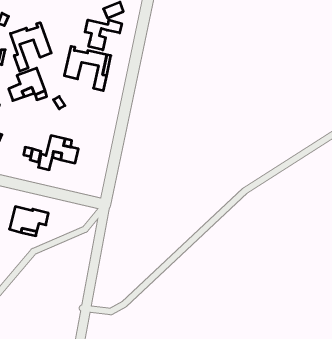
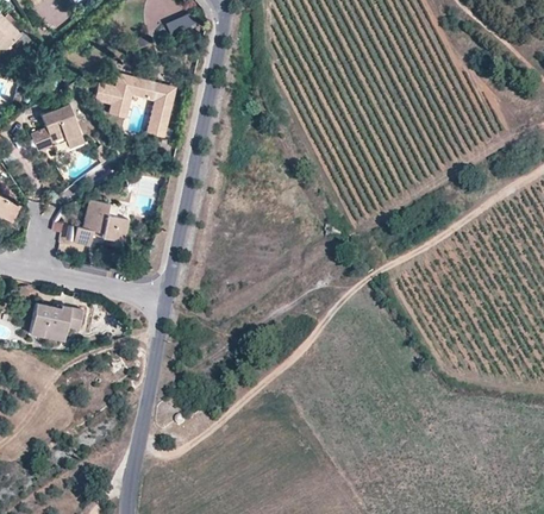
building: [85,20,122,50] -> none
building: [10,23,51,71] -> none

